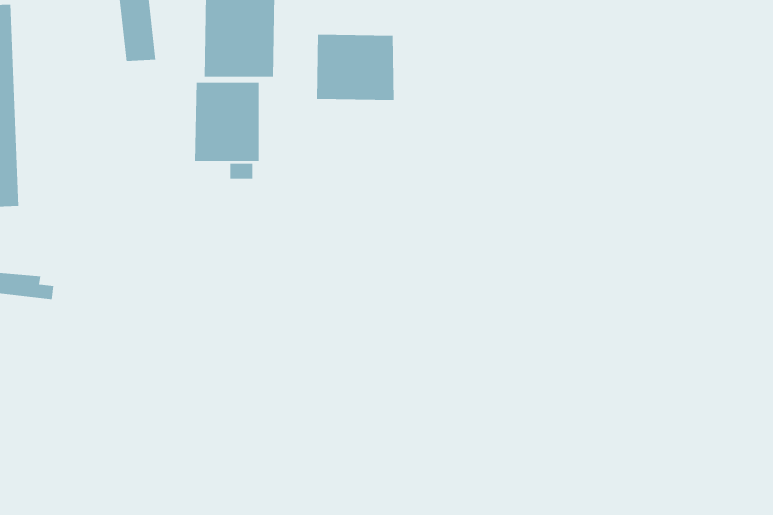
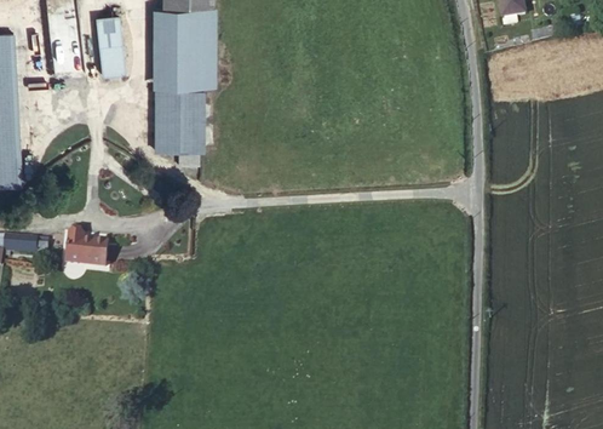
building: [317,34,394,101] -> none
building: none -> [64,231,105,264]

